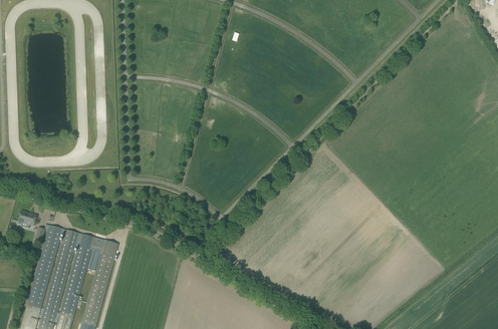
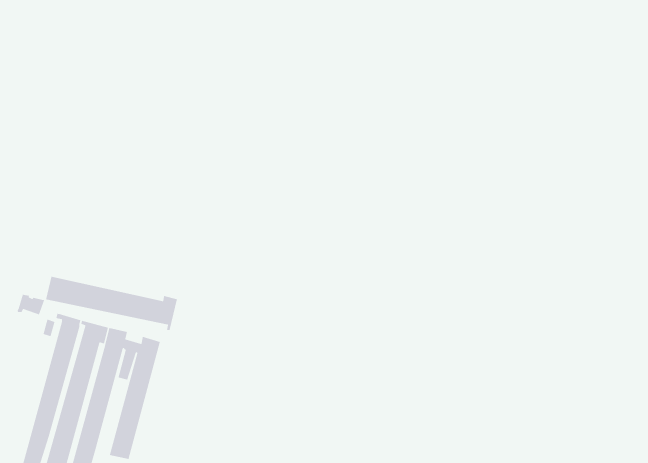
building: none -> [45,276,178,331]

